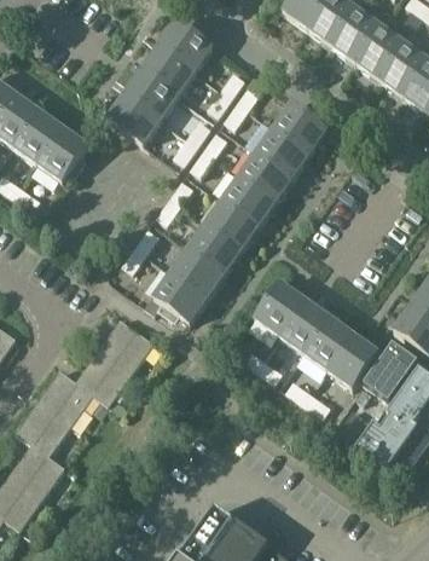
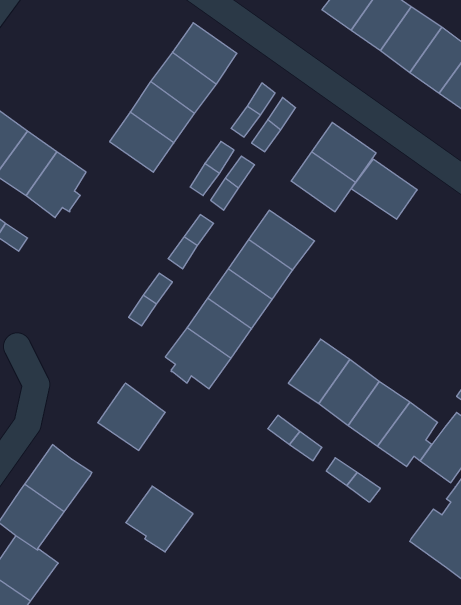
building: [238,151,292,201] -> [351,159,417,219]
building: [75,351,131,405] -> [126,486,193,552]

